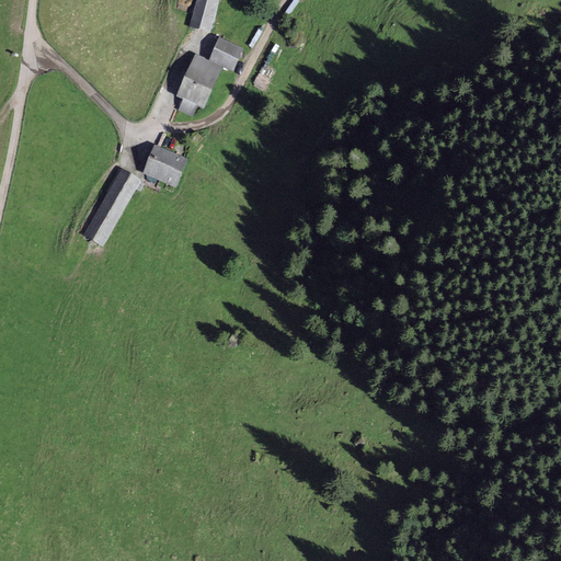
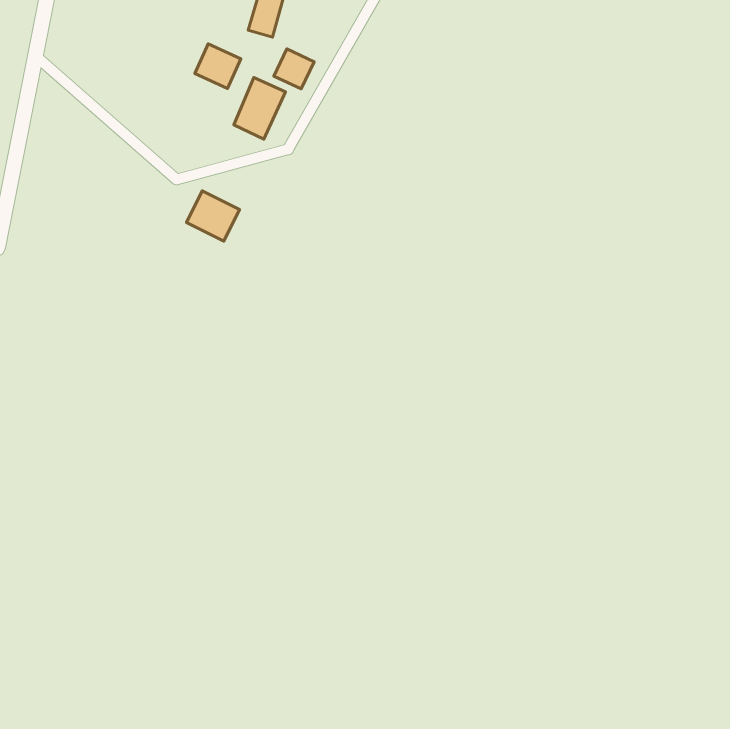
building: none -> [195,44,241,88]
building: [83,170,138,243] -> none

